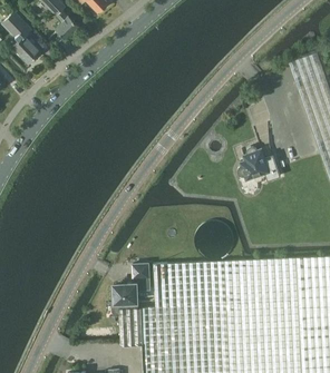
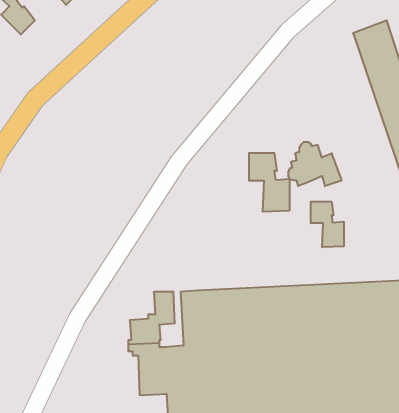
building: none -> [249,153,289,212]
building: none -> [311,202,344,247]

